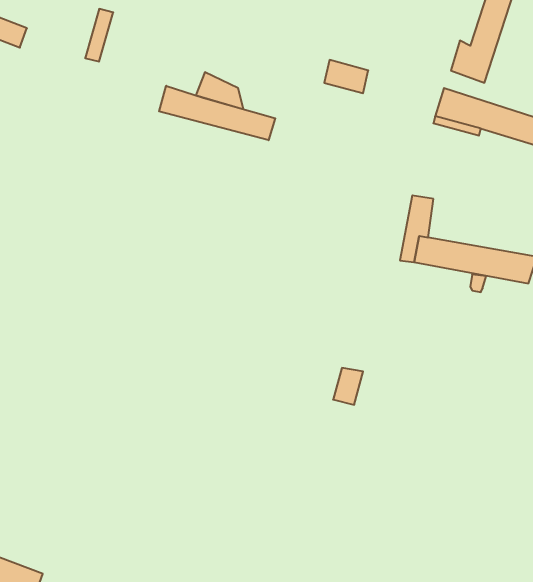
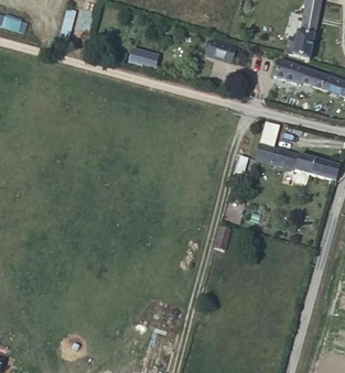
building: [159,86,275,140] -> none

